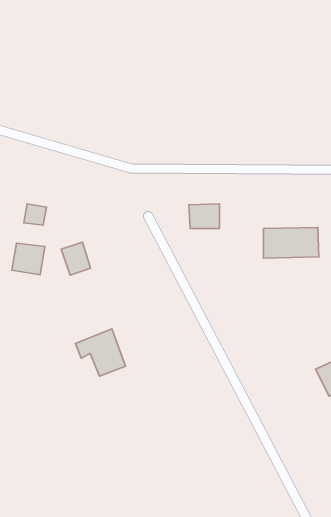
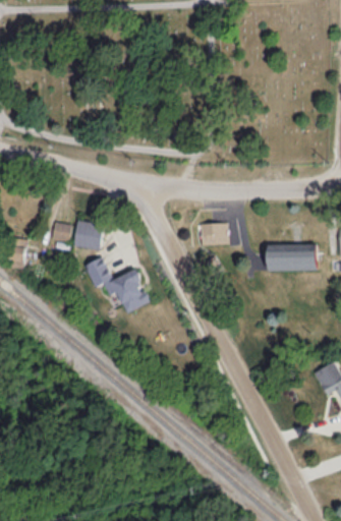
building: [12,243,45,275] -> [73,221,103,249]
building: [76,329,125,376] -> [104,269,149,311]

